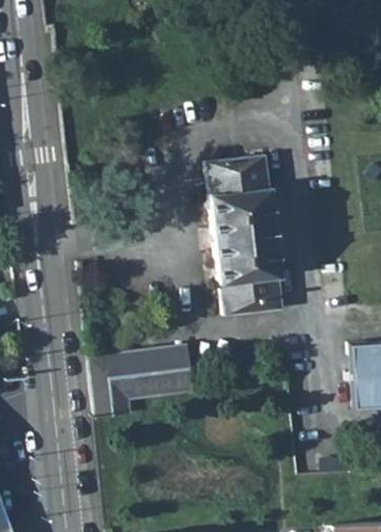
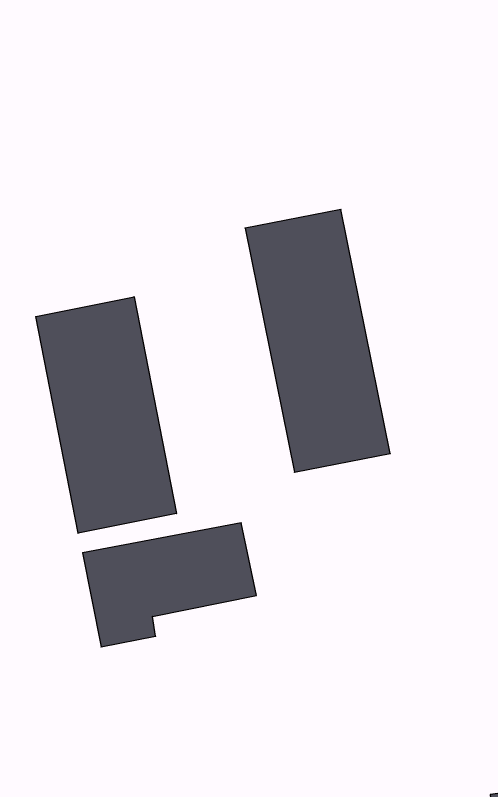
building: none -> [36,297,176,533]

